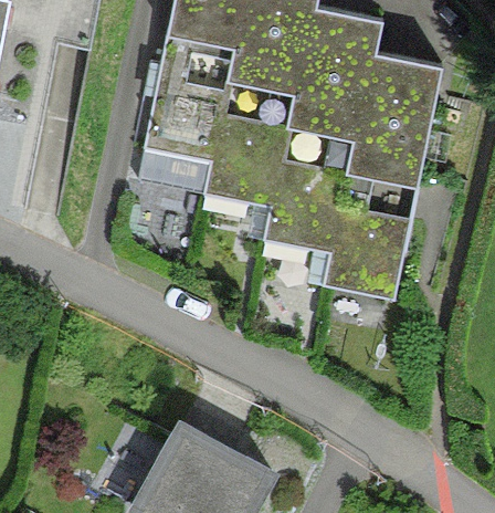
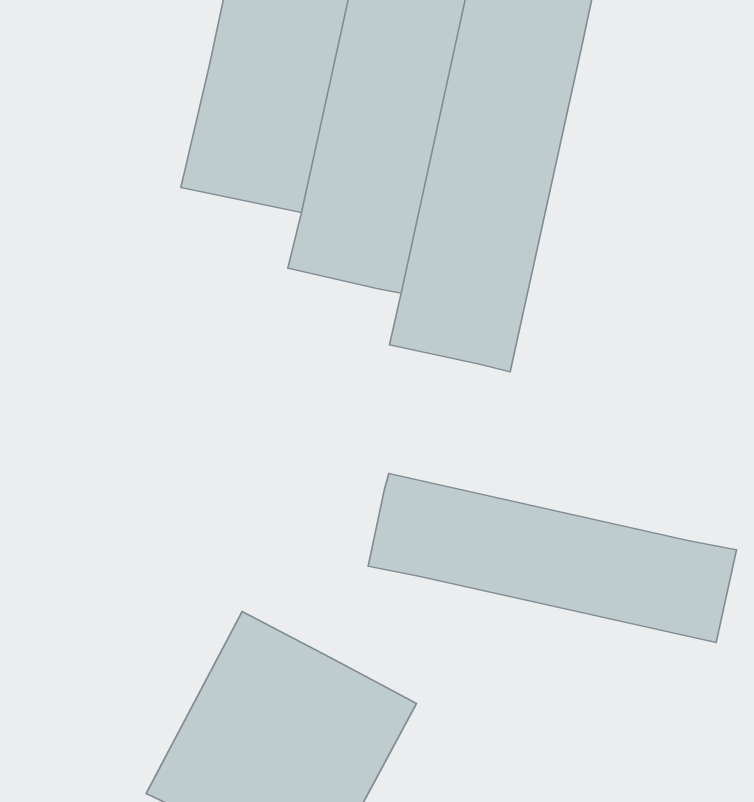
building: [326,63,440,300] -> none
building: none -> [368,473,737,642]

